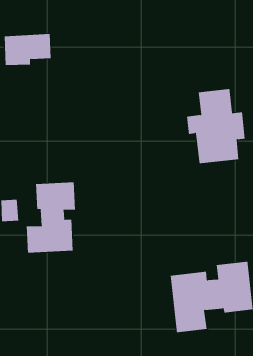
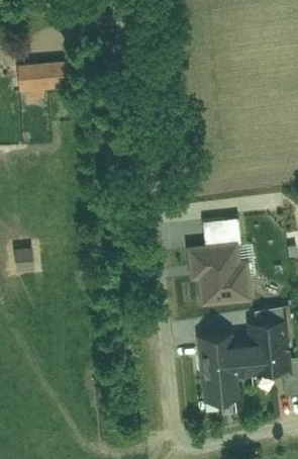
building: [186,89,245,164] -> [189,219,256,304]
building: [26,182,76,253] -> none

